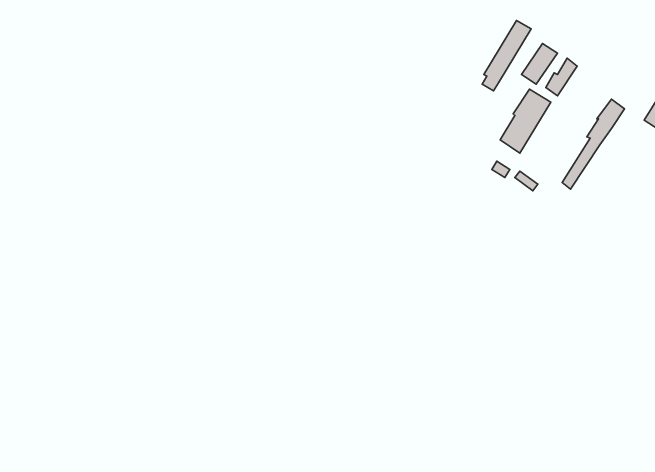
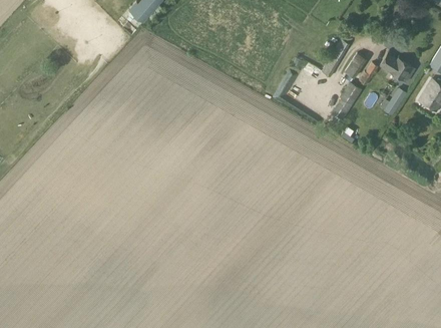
building: none -> [380,53,415,82]

